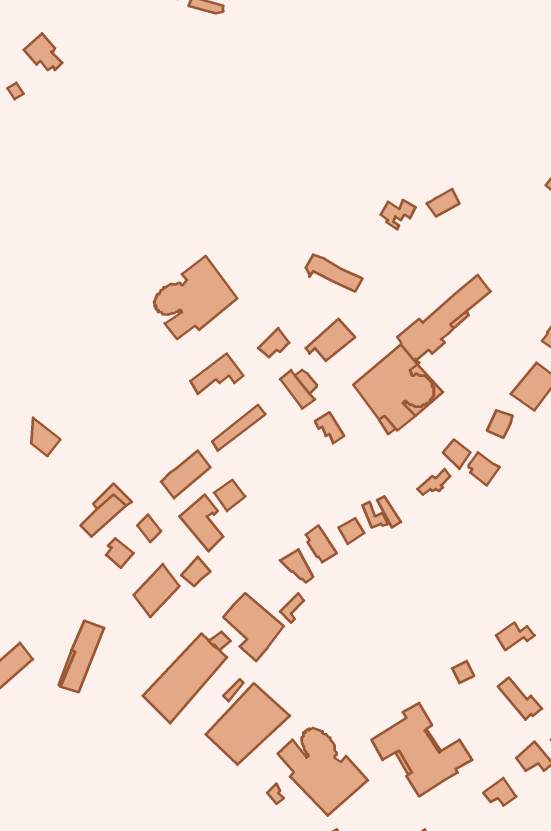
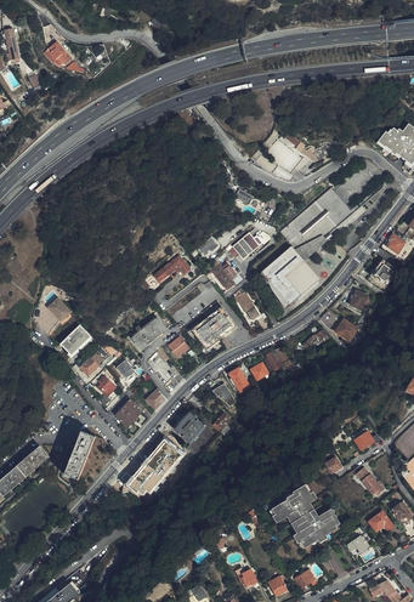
building: none -> [280,188,344,243]
building: [154,256,237,339] -> none
building: none -> [193,307,237,350]
building: none -> [59,324,93,358]
building: [206,683,290,765] -> none
building: [278,728,368,816] -> none

